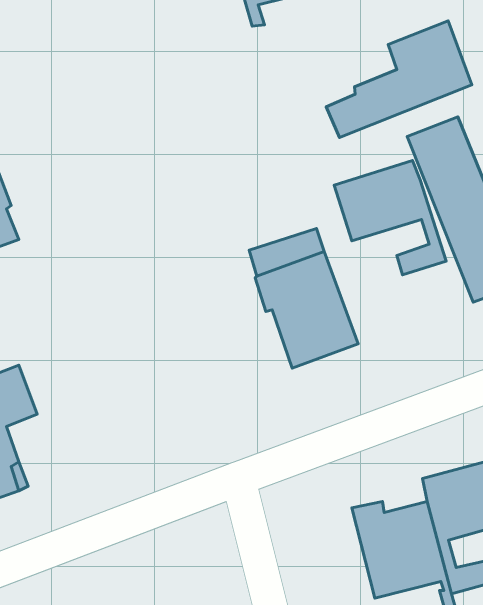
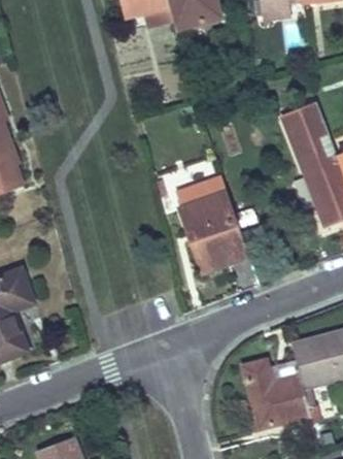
building: [326,21,472,138] -> none
building: [334,160,446,275] -> none

